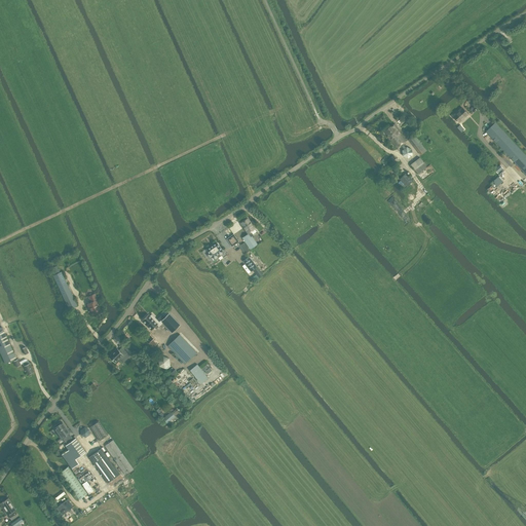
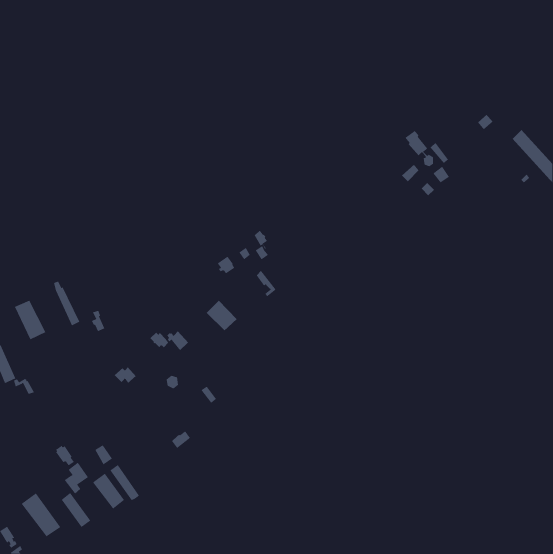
building: none -> [14,300,46,340]
building: [166,334,196,364] -> [206,300,237,331]
building: none -> [21,493,61,537]

